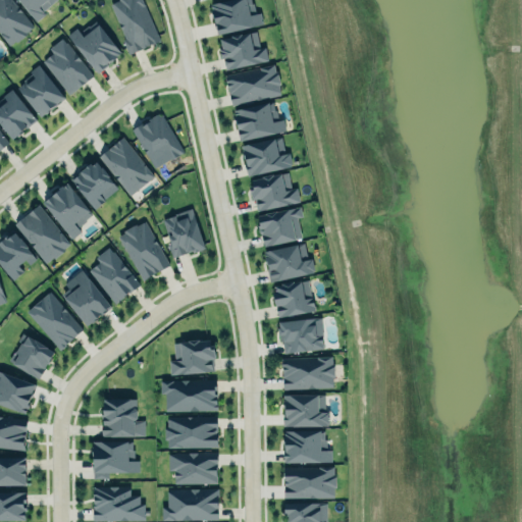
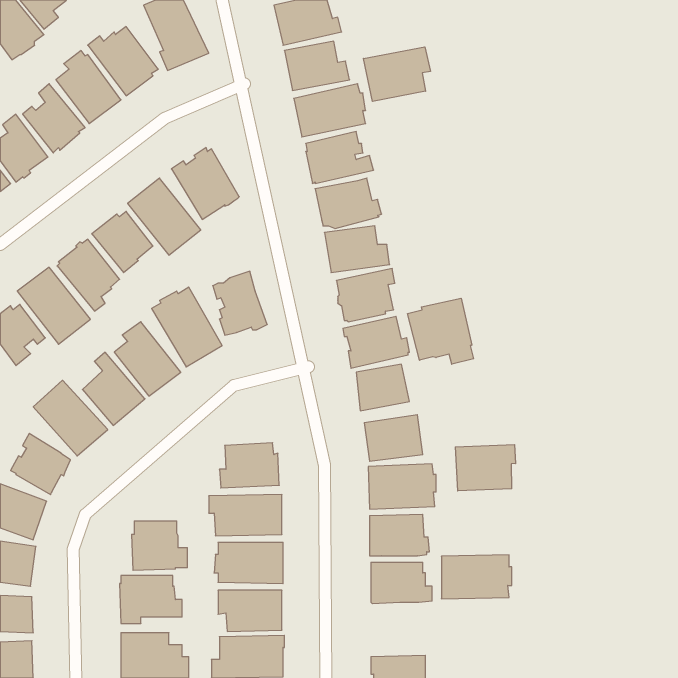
building: none -> [363,47,430,101]
building: none -> [408,298,474,364]
building: none -> [455,445,516,491]
building: [282,465,336,499] -> [441,555,512,599]

